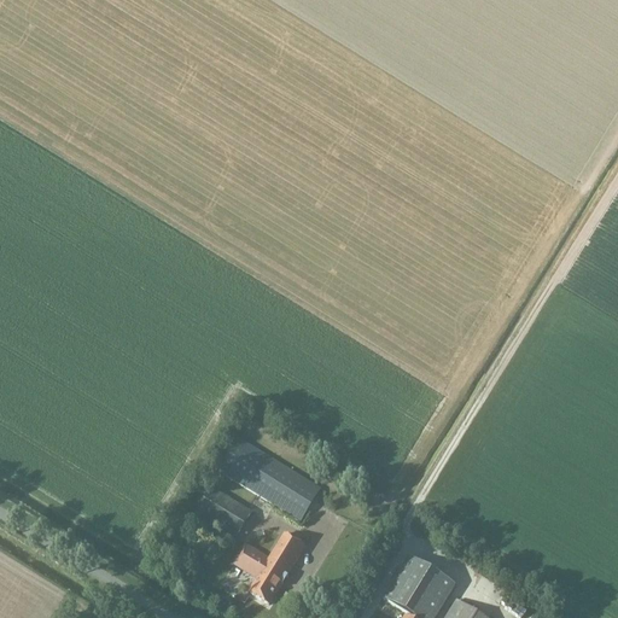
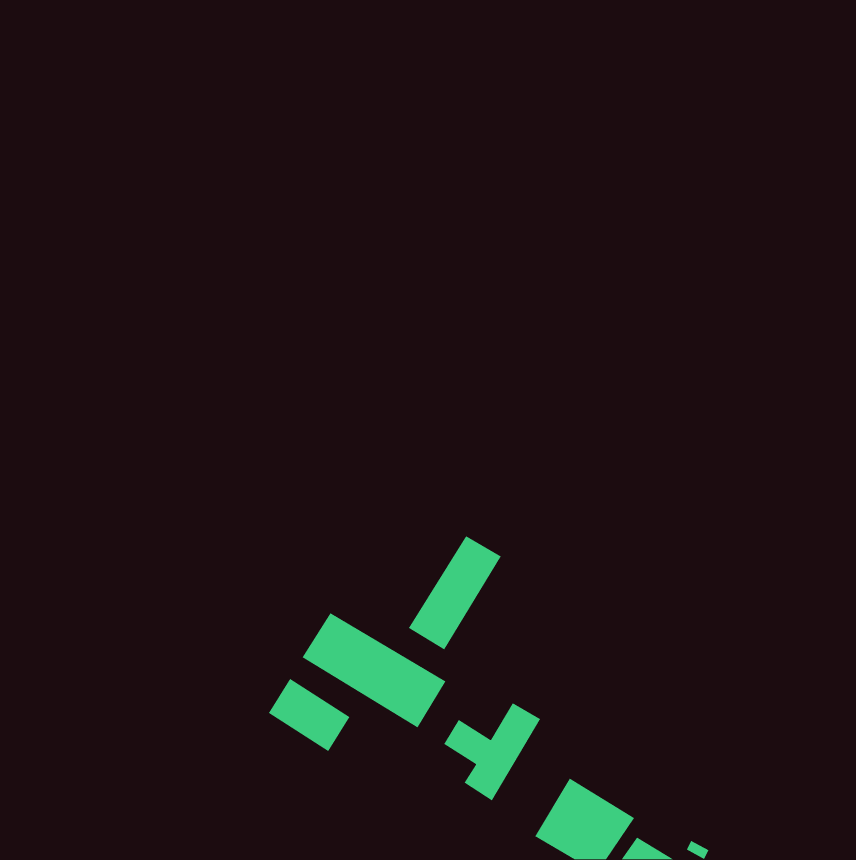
building: none -> [408,535,502,651]
building: [237,534,307,605] -> [443,702,541,802]

